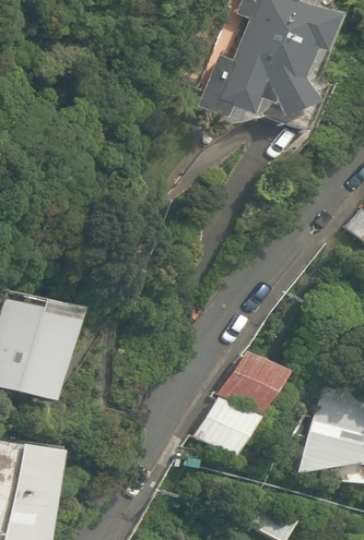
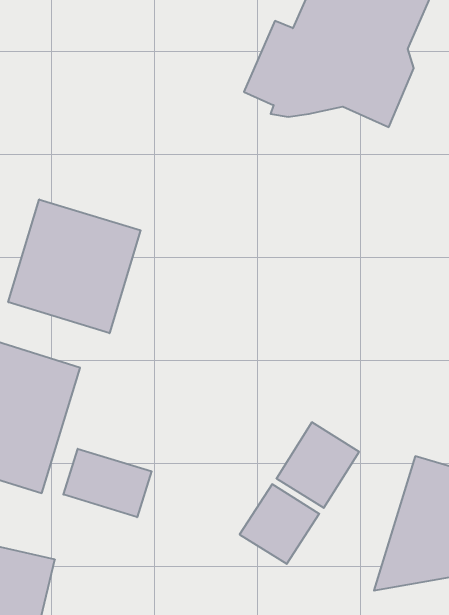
building: none -> [8,199,141,333]
building: none -> [63,449,152,517]

